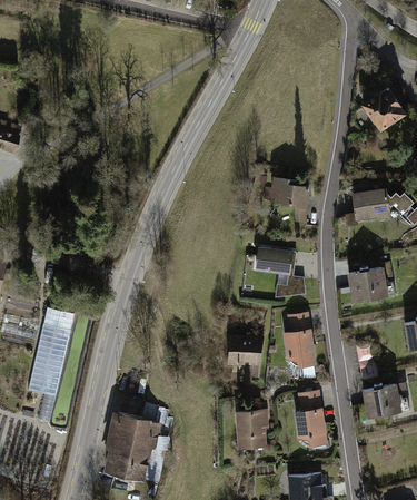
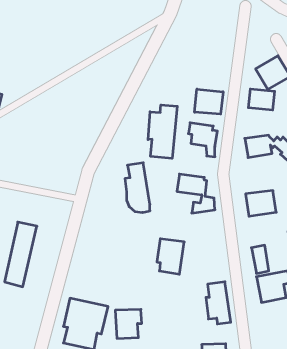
building: none -> [248,89,275,110]
building: none -> [195,89,223,114]
building: none -> [148,105,177,158]
building: [285,310,318,376] -> [125,163,150,212]
building: [236,409,271,448] -> [115,309,142,338]

